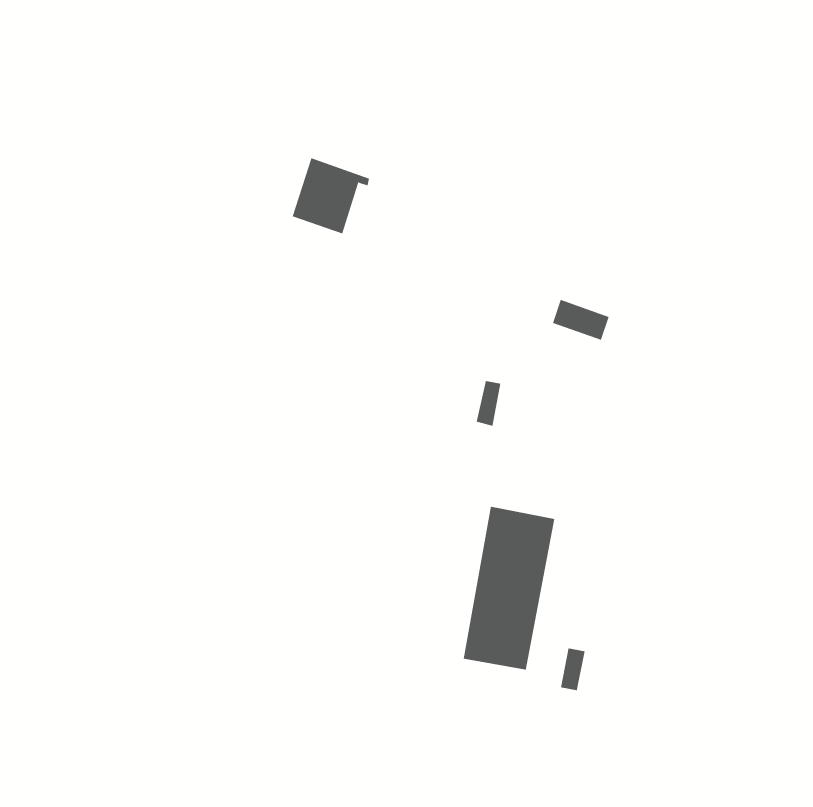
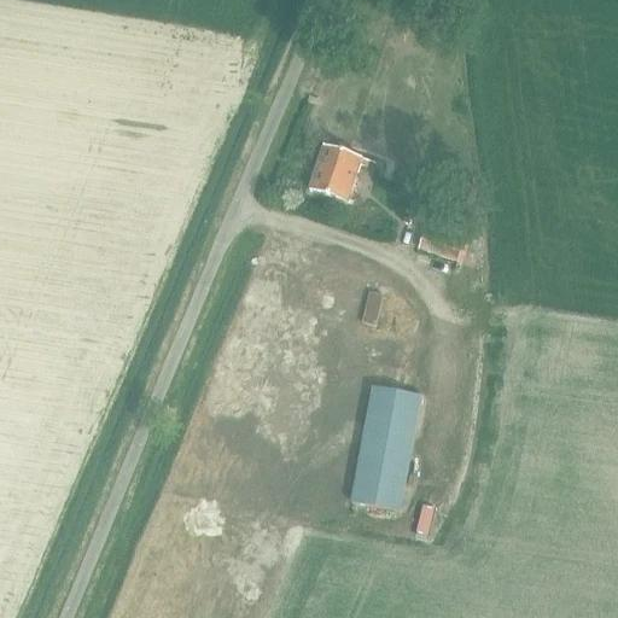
building: [292,158,370,234] -> [310,142,369,200]

